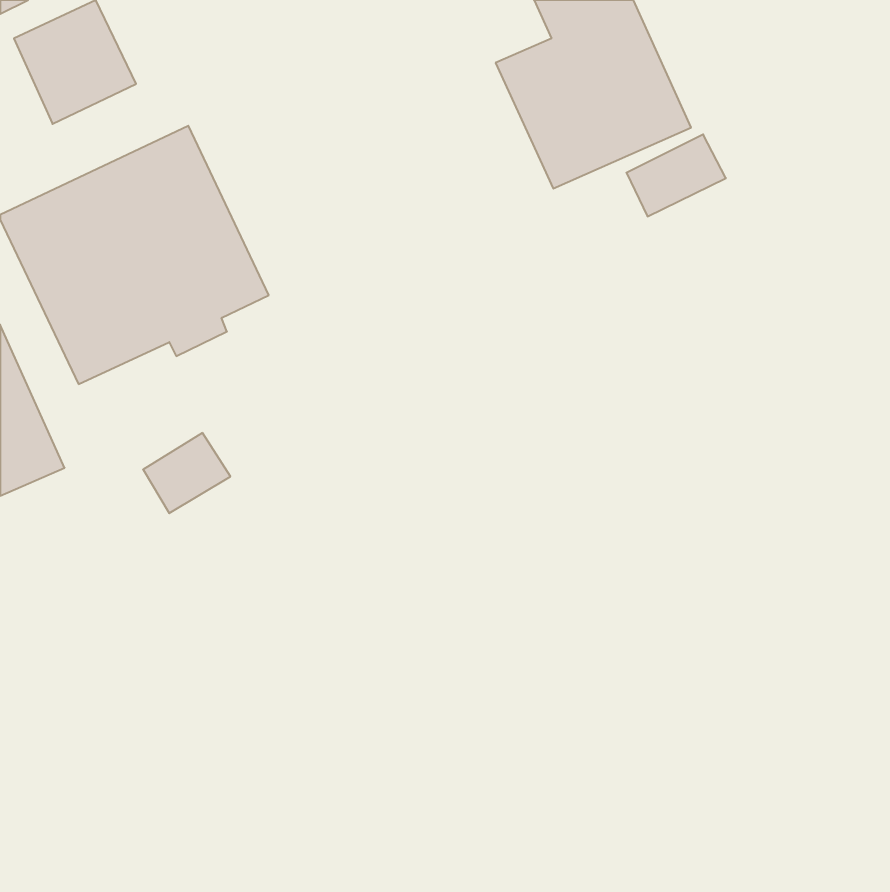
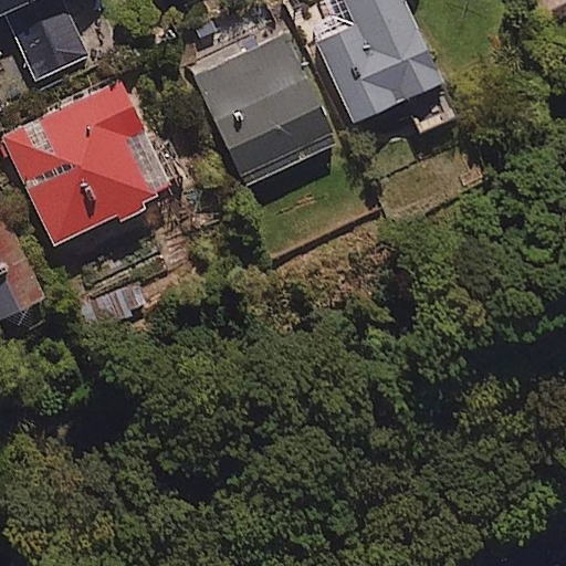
building: none -> [197,36,334,182]

